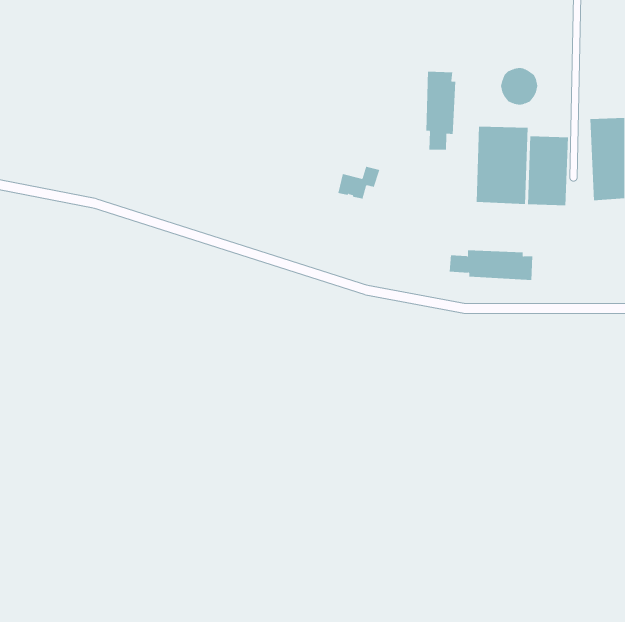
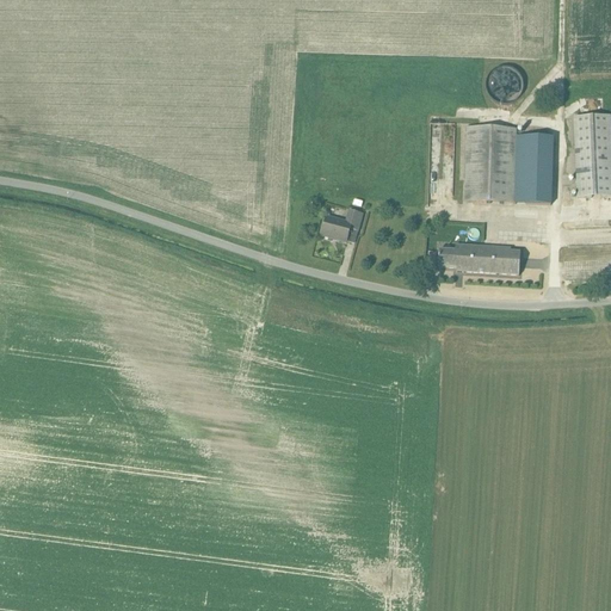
building: [426,71,456,151] -> none
building: [337,166,380,199] -> [322,208,364,240]

